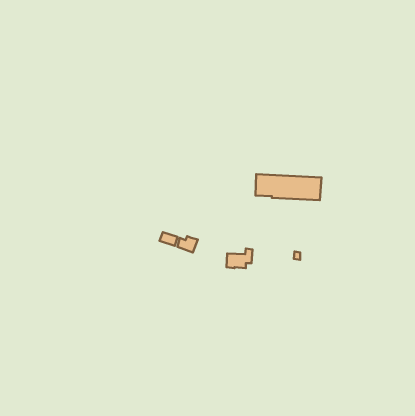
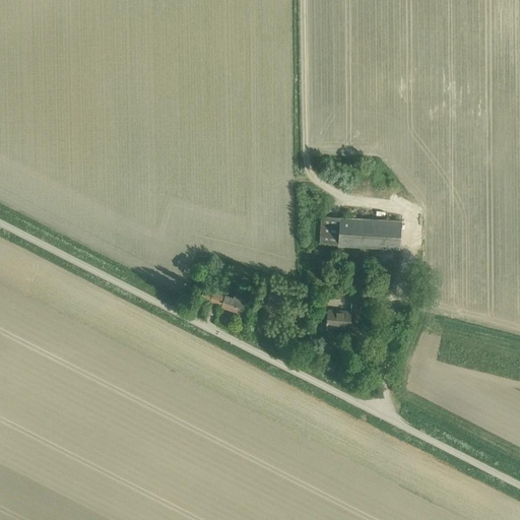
building: [226,249,252,268] -> [327,305,360,329]

